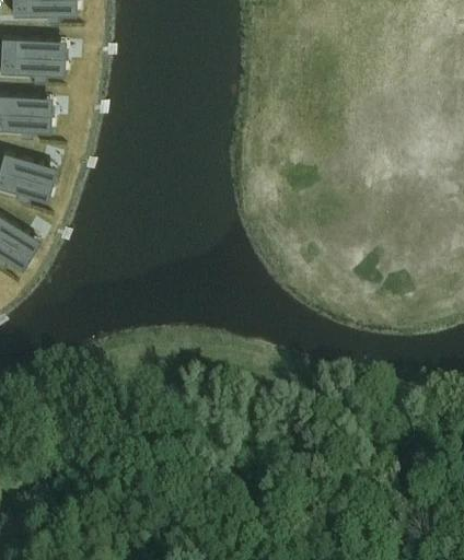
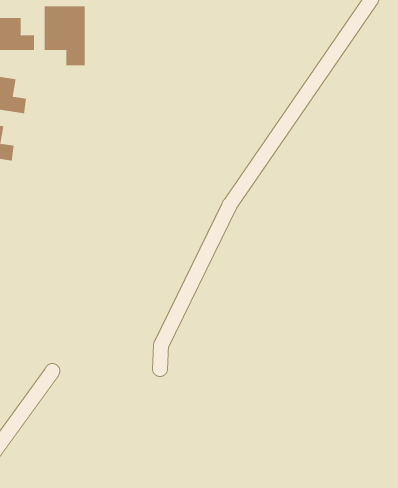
building: none -> [44,5,85,66]

